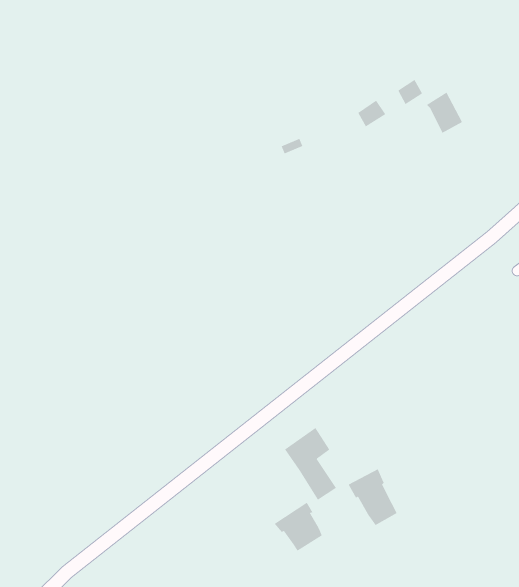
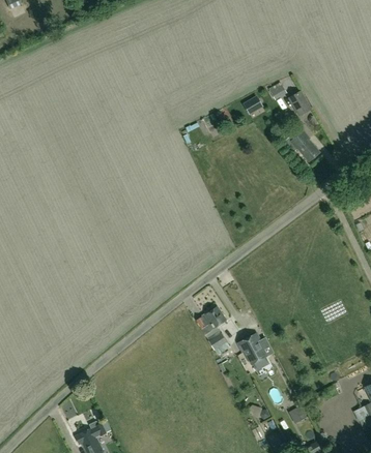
building: none -> [289,129,320,162]
building: [274,502,323,552] -> none

